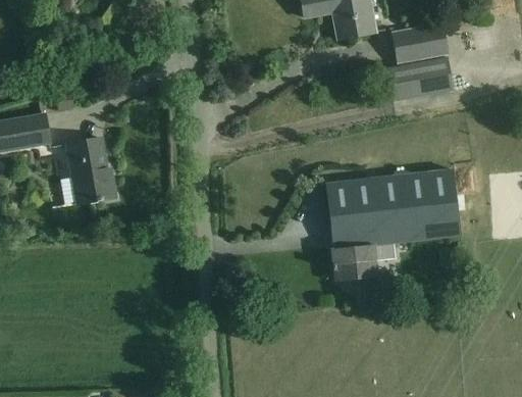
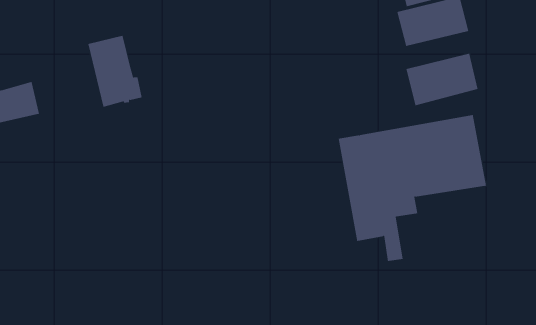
building: none -> [406,53,478,106]
building: [67,139,115,205] -> [88,35,143,108]

